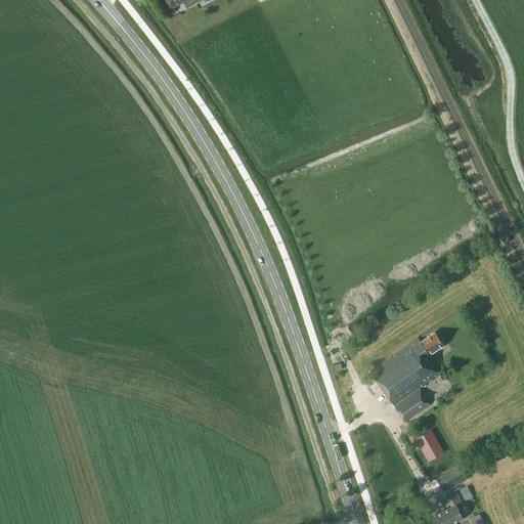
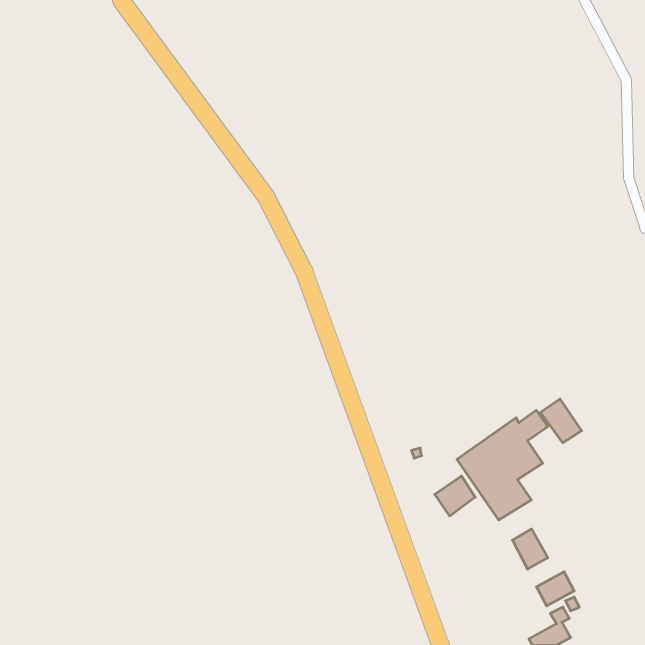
building: none -> [541,399,582,443]
building: none -> [435,476,475,516]

